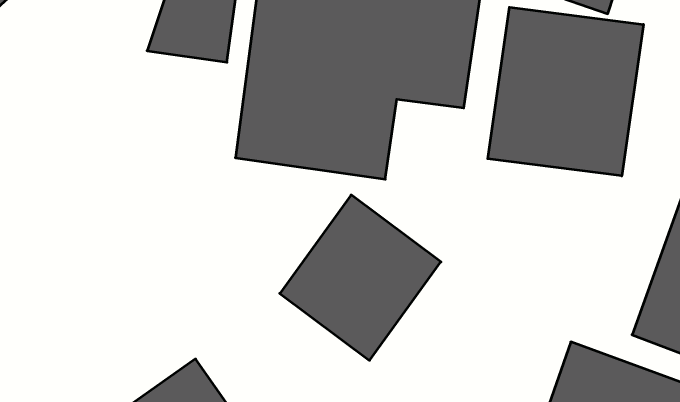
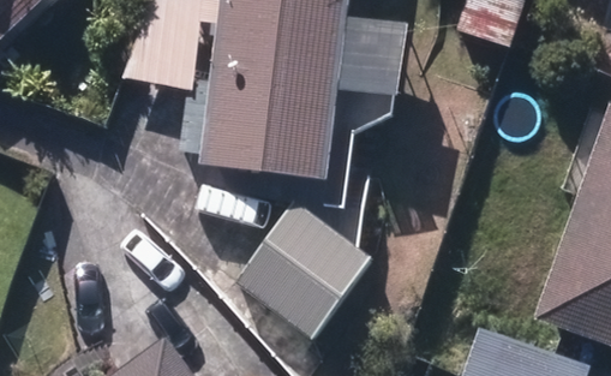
building: [488,7,643,176] -> none

